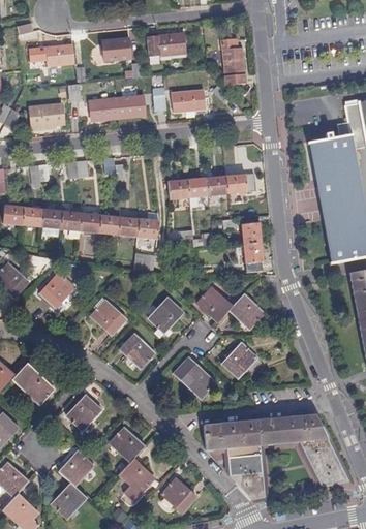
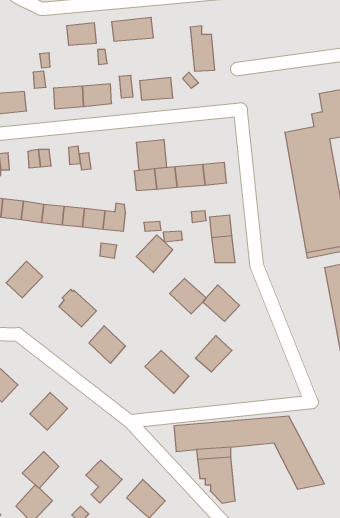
building: [43,43,72,66] -> none
building: none -> [136,139,167,170]
building: [151,293,186,330] -> [136,235,173,273]
building: [110,427,145,462] -> none

